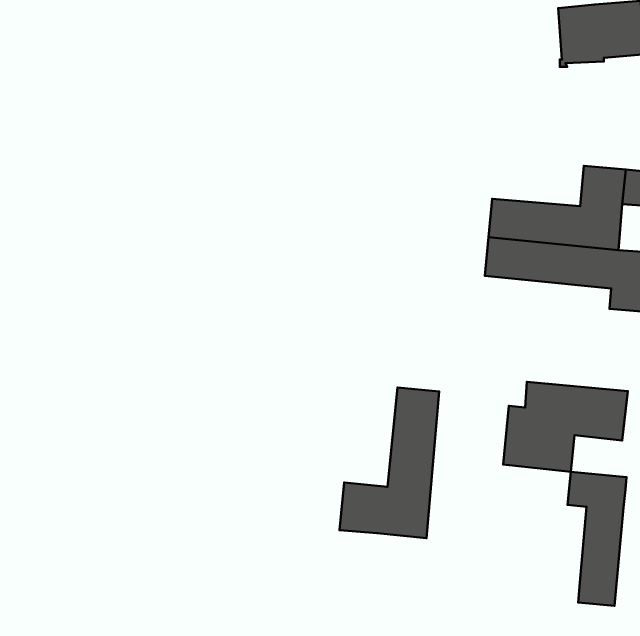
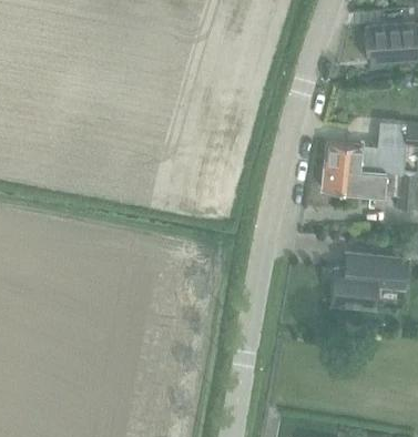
building: [340,388,439,538] -> none
building: [567,472,627,606] -> none

